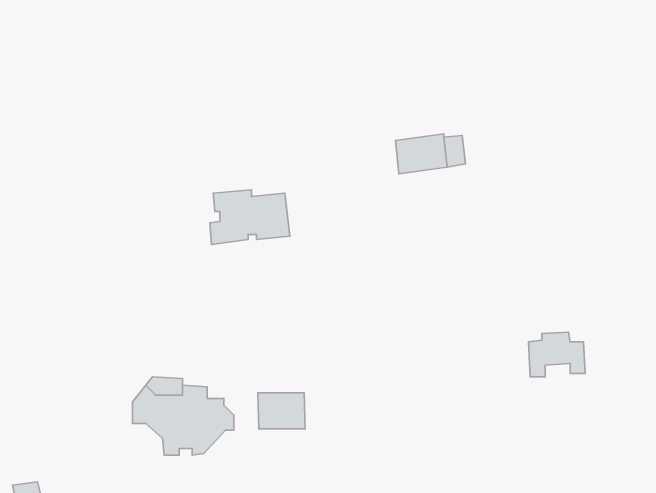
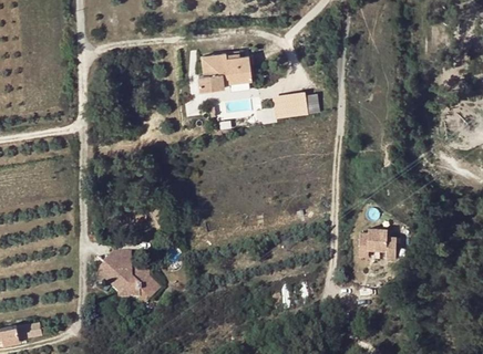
building: [210,190,290,245] -> [197,53,250,90]
building: [258,393,305,429] -> none

